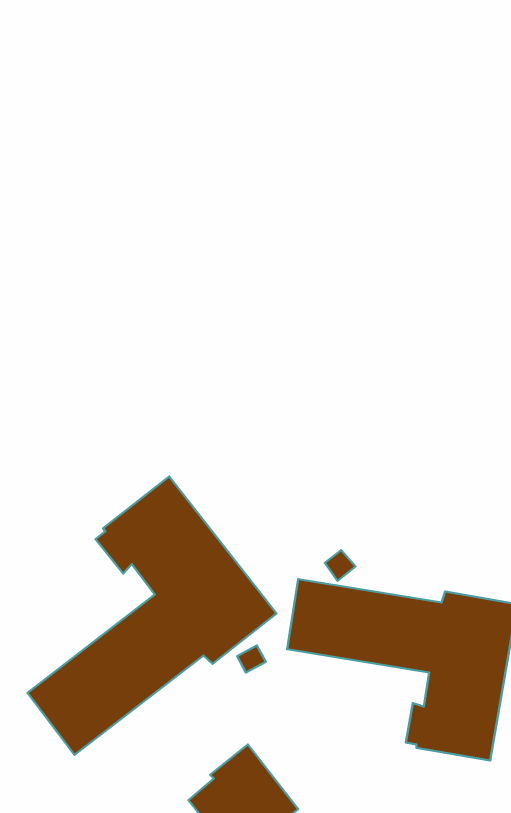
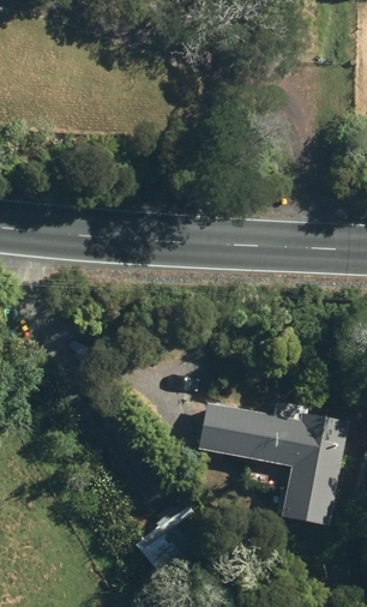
building: [28,476,276,755] -> none

